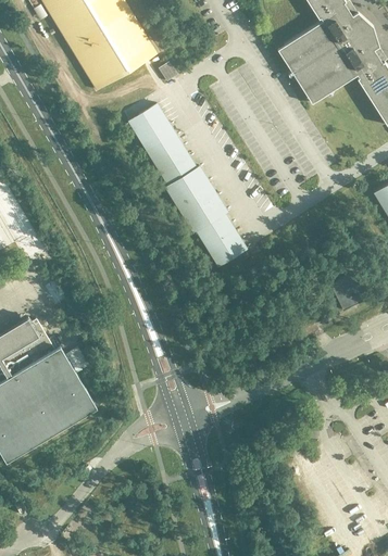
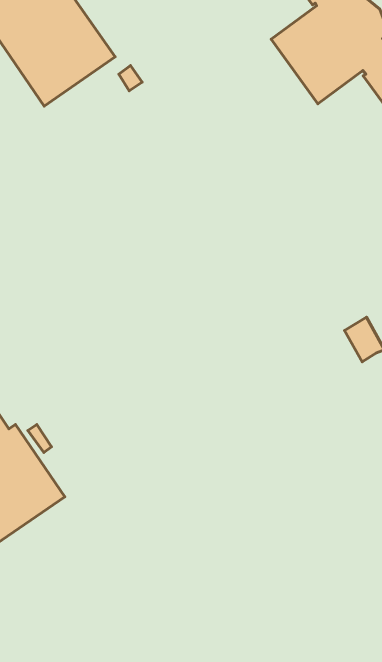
building: [128,102,247,268] -> none

